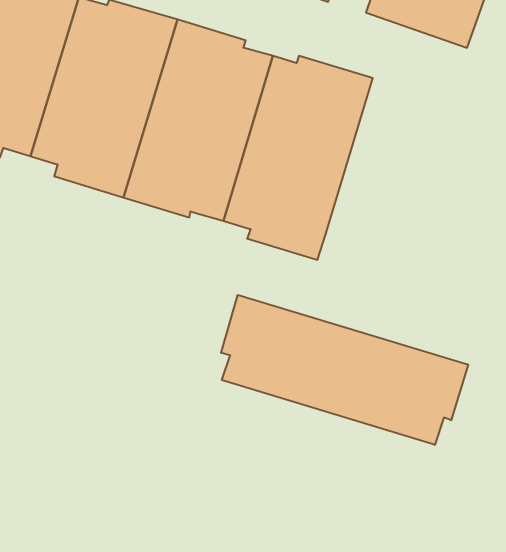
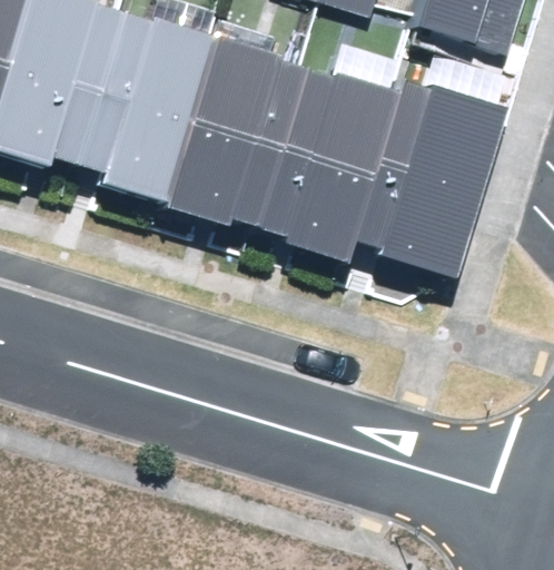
building: none -> [358,81,508,276]
building: [221,295,468,445] -> none

